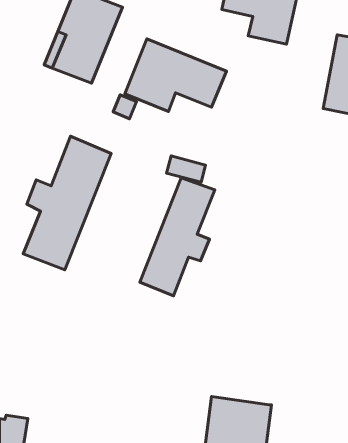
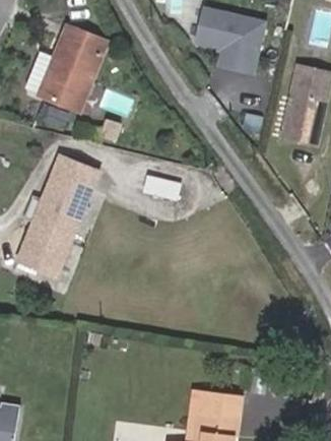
building: [125,39,226,112] -> none
building: [140,178,215,296] -> none

